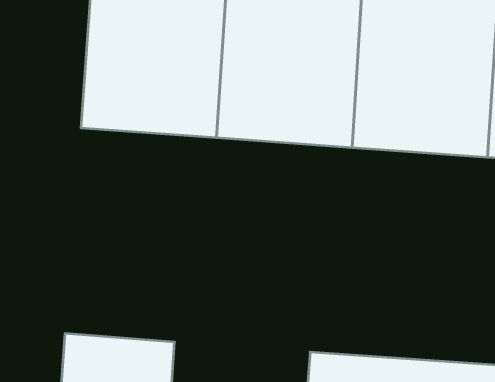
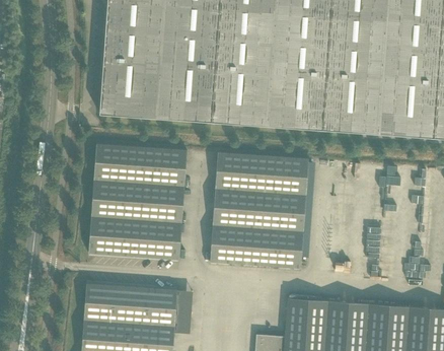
building: none -> [88,143,187,260]
building: none -> [210,152,308,268]

